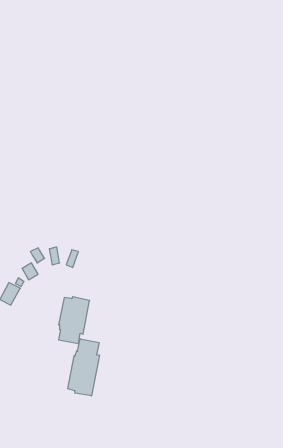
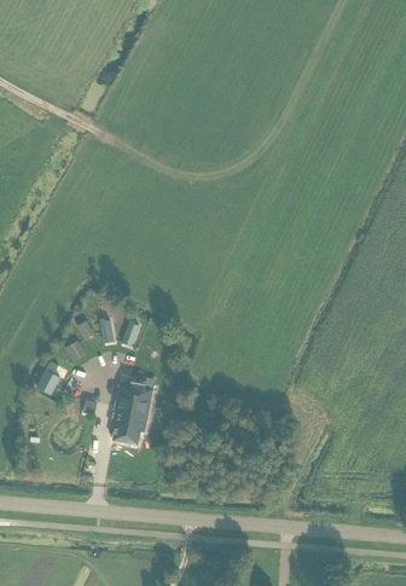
building: [68,339,99,396] -> none

